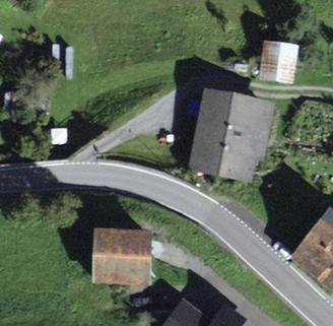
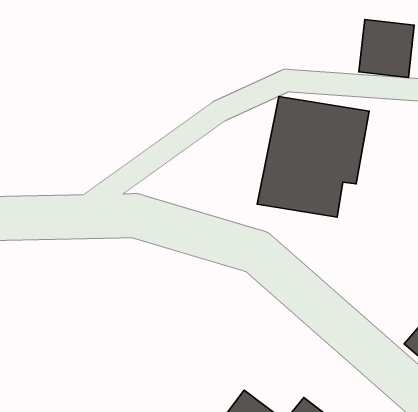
building: [90,226,149,283] -> none

